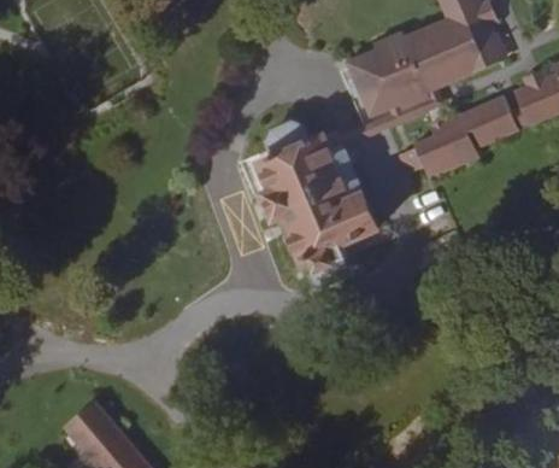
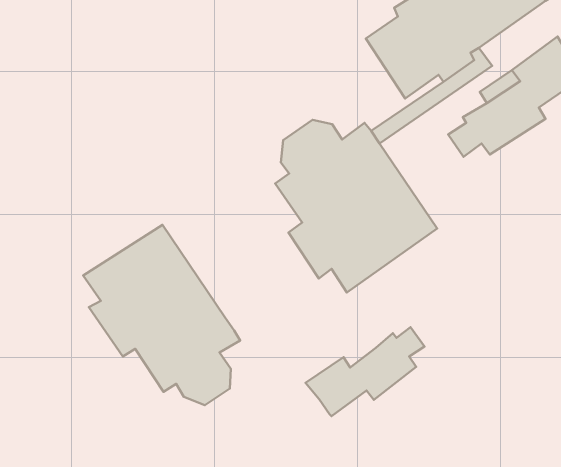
building: none -> [83,225,240,405]
building: none -> [306,327,424,416]

